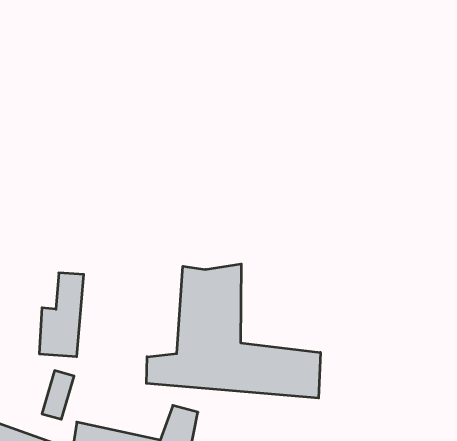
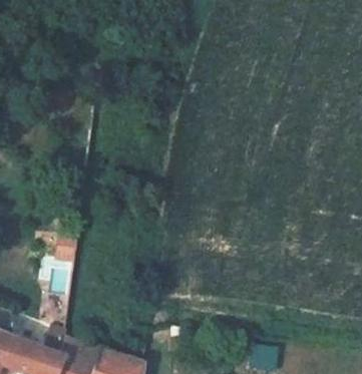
building: [146,264,320,398] -> none

